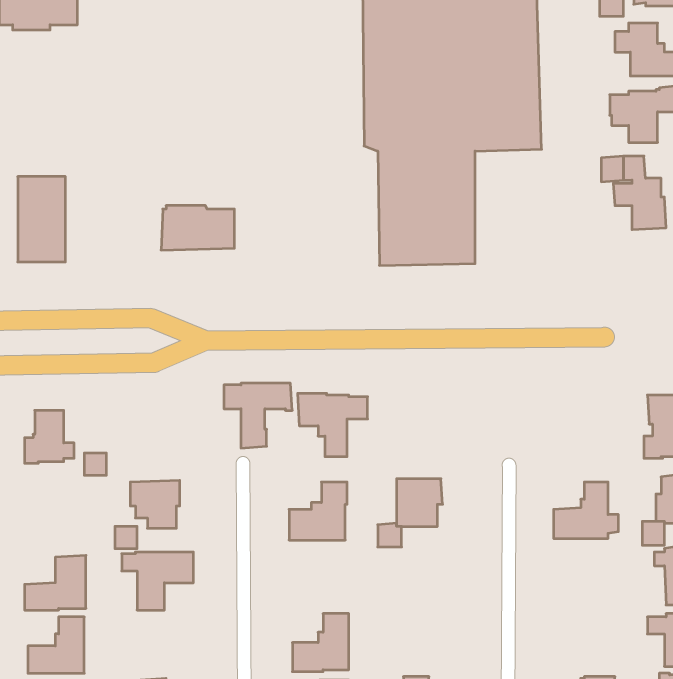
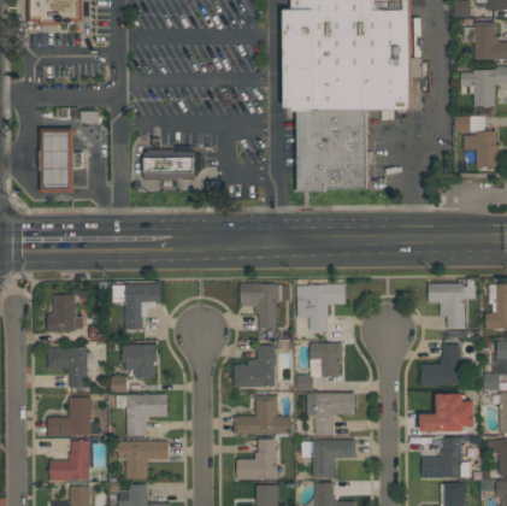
building: [224,383,292,448] -> [112,284,160,330]
building: none -> [428,283,474,329]
building: none -> [296,284,346,331]
building: none -> [47,348,87,389]
building: none -> [306,394,354,435]
building: none -> [420,394,474,433]
building: none -> [234,396,290,435]
building: none -> [421,437,468,478]
building: none -> [301,440,355,478]
building: none -> [118,441,169,479]

